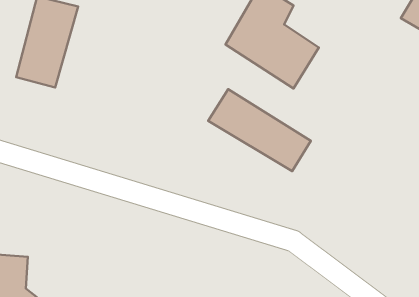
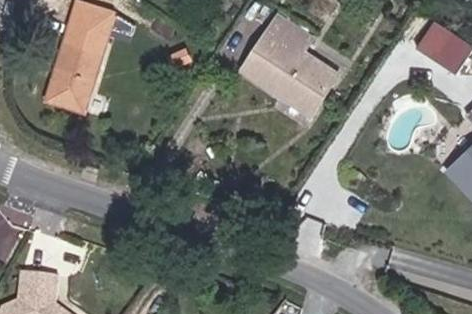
building: [208,89,311,171] -> none

